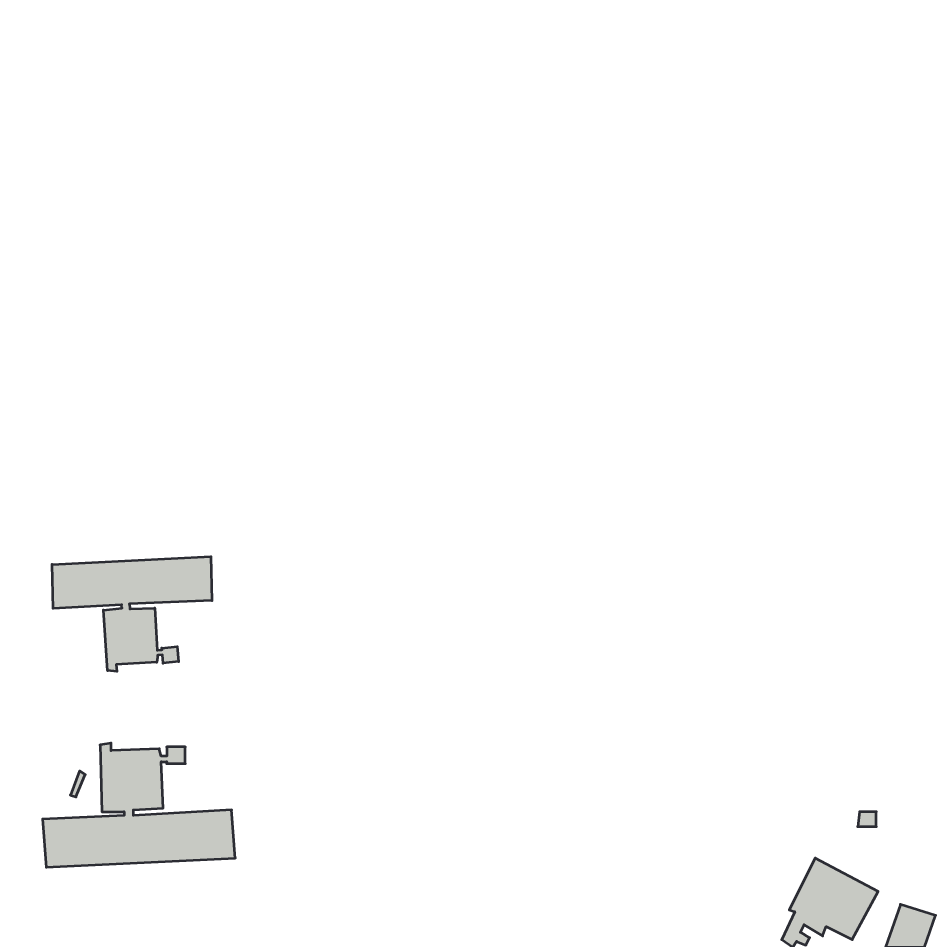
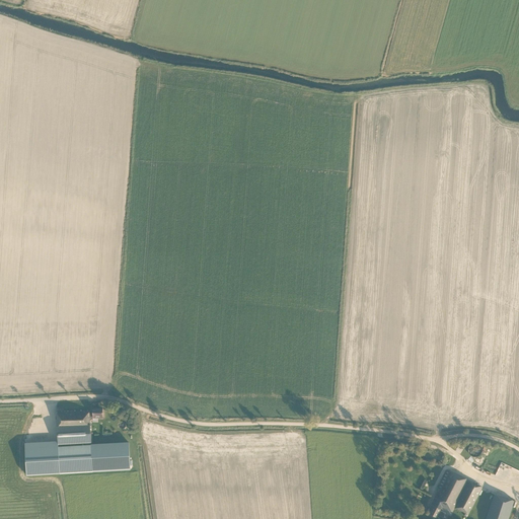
building: [52,557,212,671] -> none

